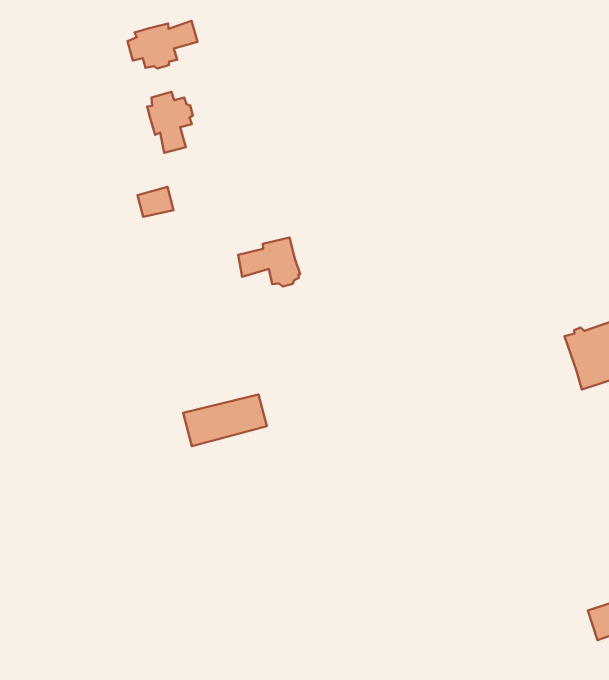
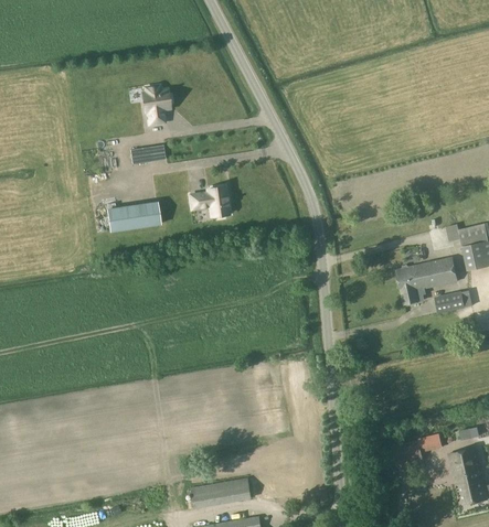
building: [127,21,198,69] -> none
building: [183,395,267,446] -> [108,203,161,232]

